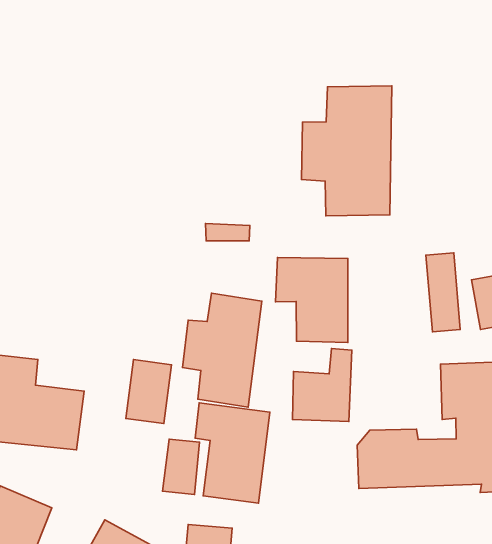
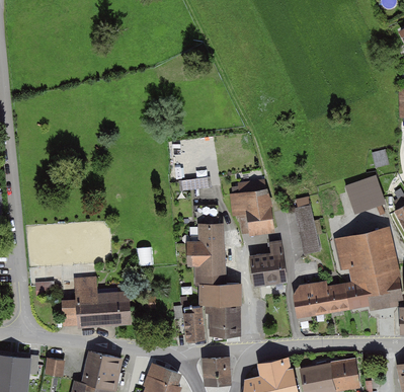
building: [301,86,392,216] -> none
building: [426,253,460,332] -> [294,206,321,254]
building: [126,360,172,424] -> none

